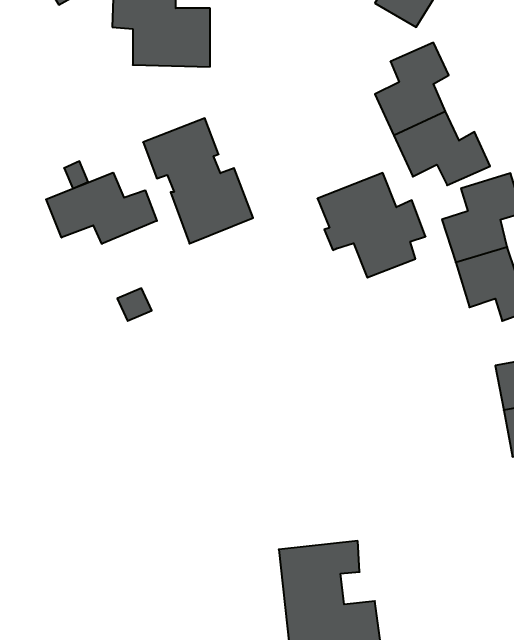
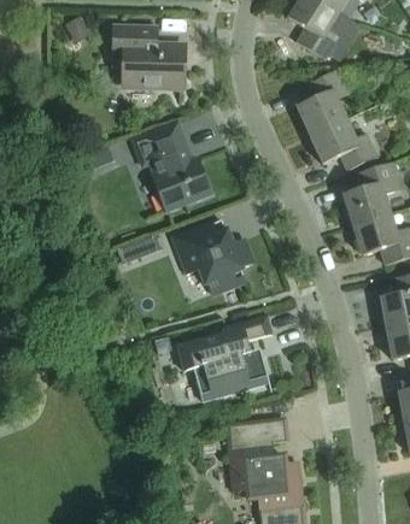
building: [46,173,157,244] -> none
building: [317,173,426,278] -> [175,219,251,293]
building: none -> [176,314,271,401]

